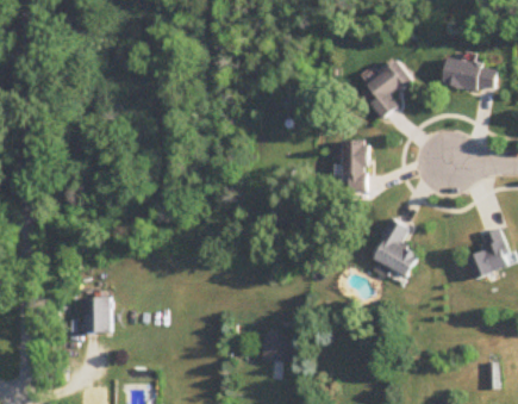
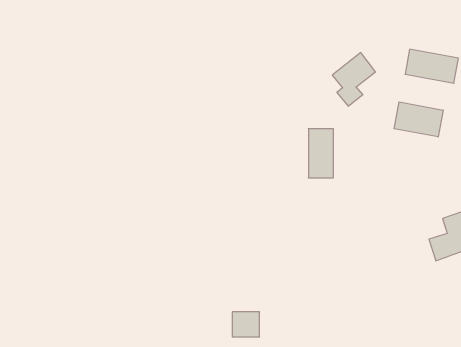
building: none -> [394,102,443,137]
building: [370,219,418,278] -> none
building: [82,297,108,329] -> none

